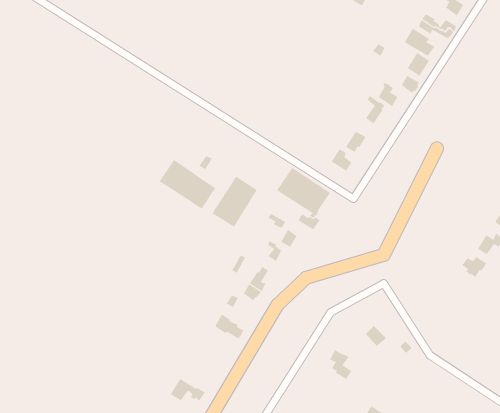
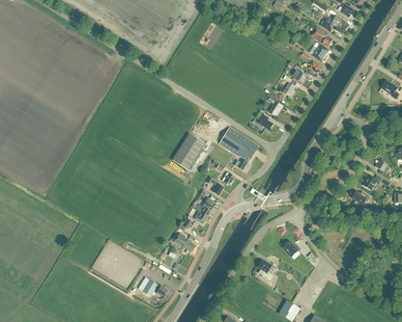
building: [159,159,216,210] -> none

